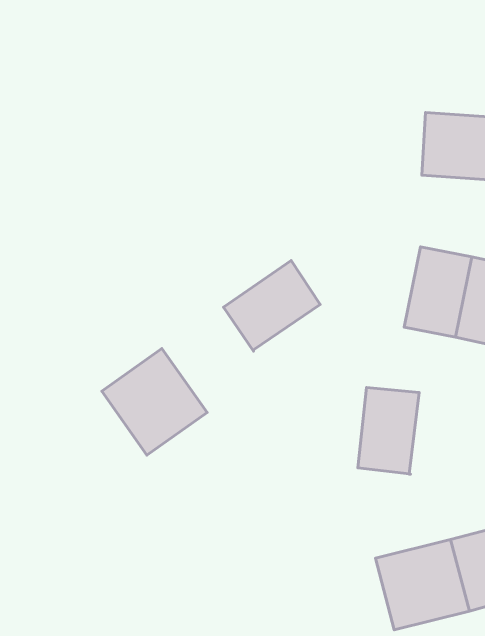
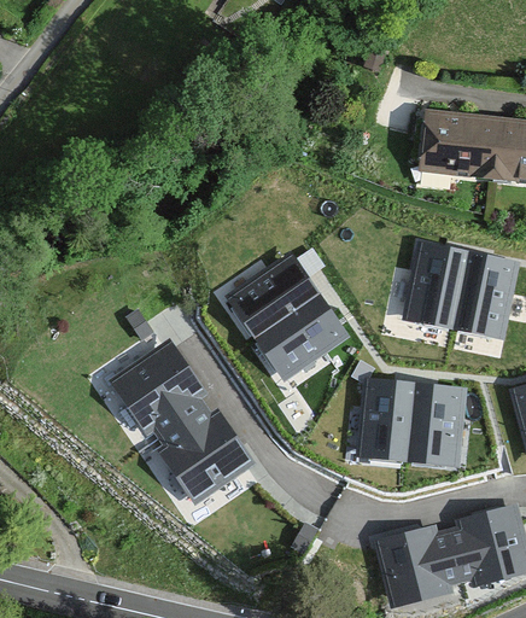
building: none -> [256,296,350,381]
building: none -> [405,380,466,465]
building: none -> [153,400,255,502]

